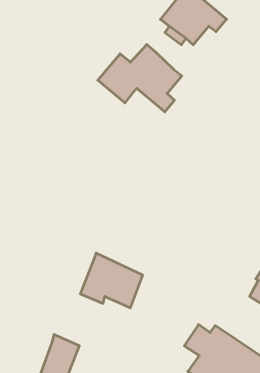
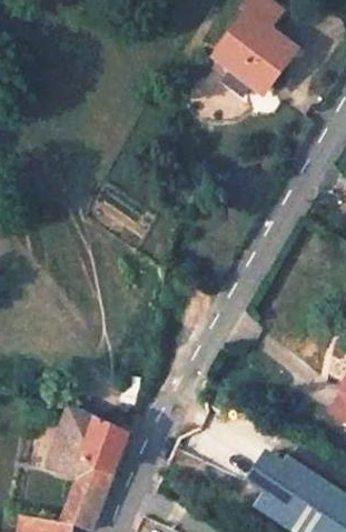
building: [98,44,182,112] -> none
building: [80,253,143,308] -> [51,406,130,475]

